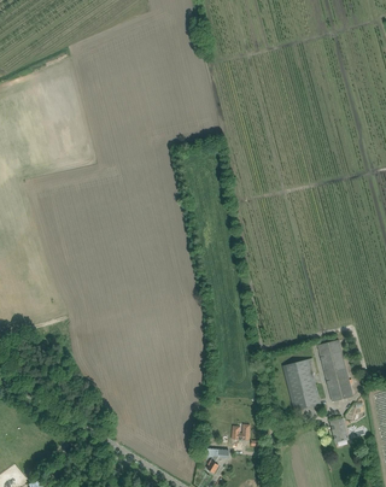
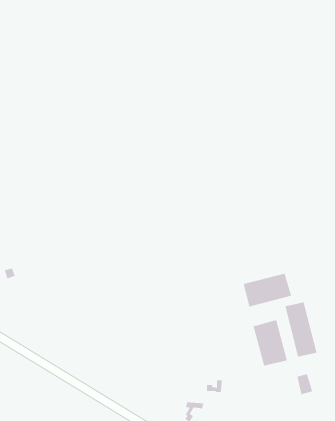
building: none -> [243,273,292,307]

